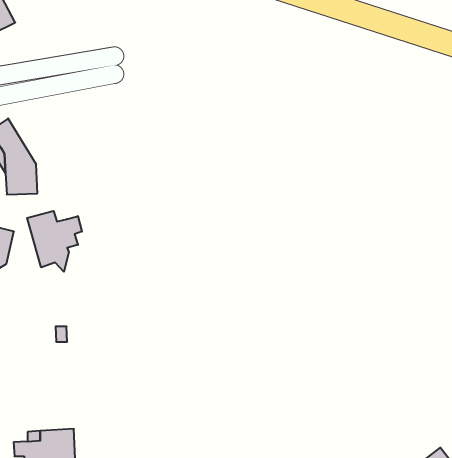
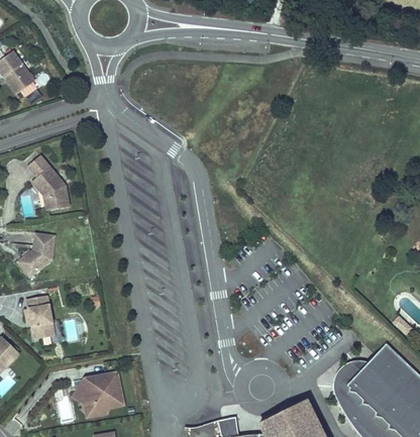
building: [27,211,82,272] -> none

